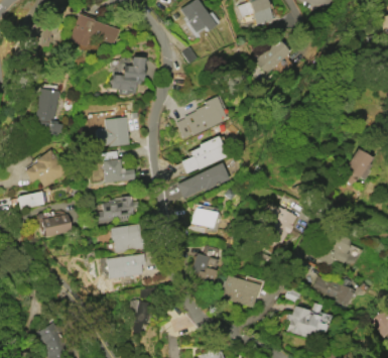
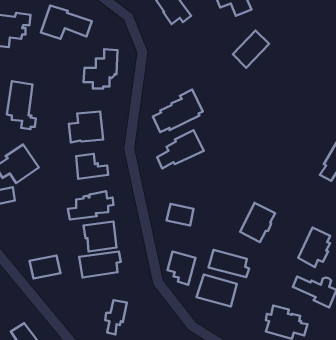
building: [176,162,228,199] -> none
building: [40,214,71,236] -> [29,256,61,278]
building: none -> [209,250,249,277]

